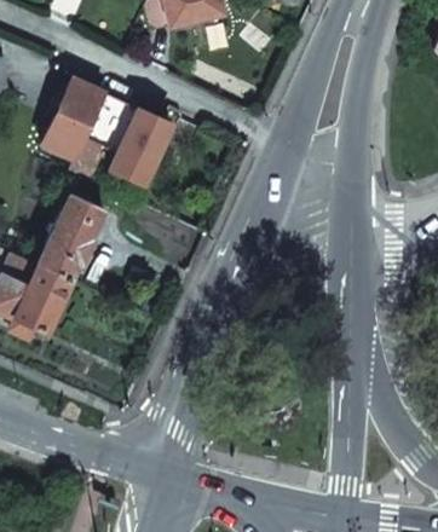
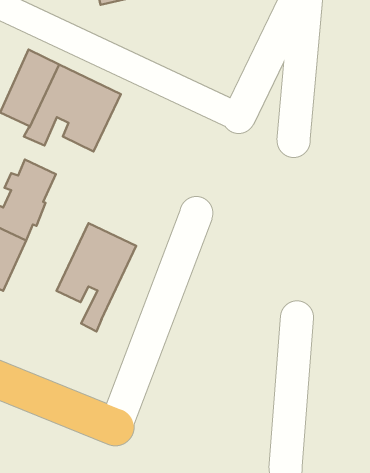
building: none -> [57,223,136,332]

